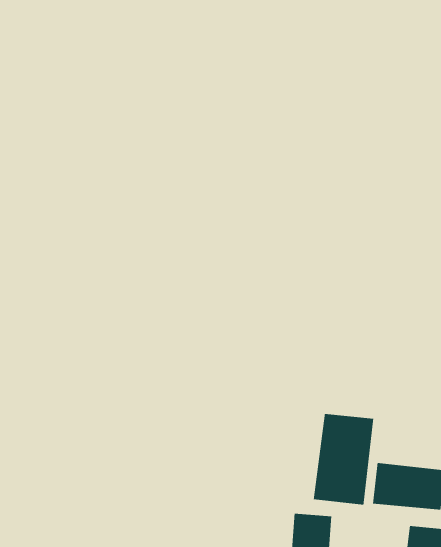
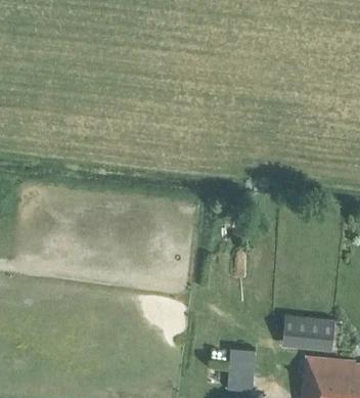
building: [313,413,374,506] -> none

